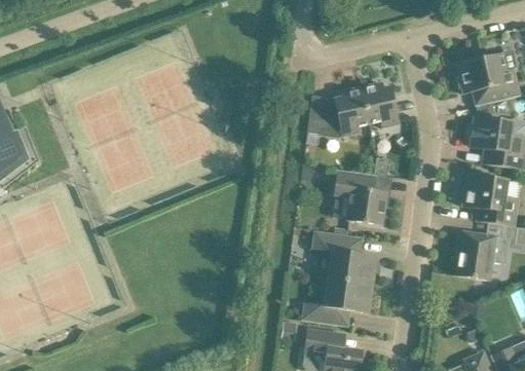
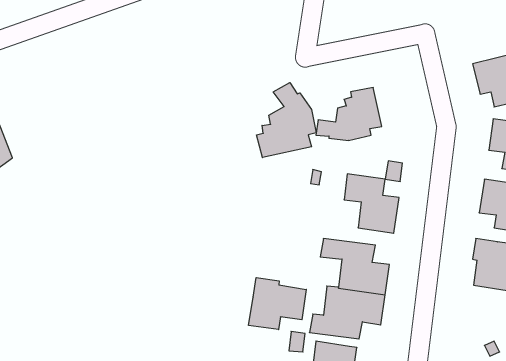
building: [362,82,399,128] -> none
building: none -> [257,83,316,158]
building: none -> [249,278,306,330]

